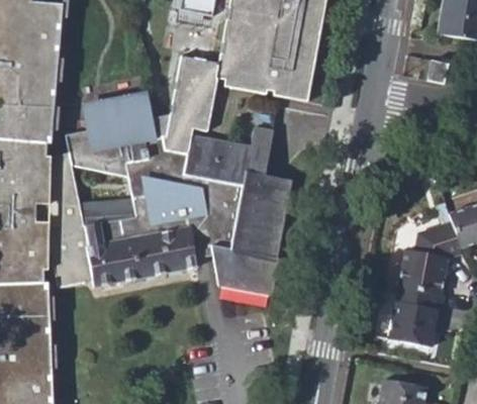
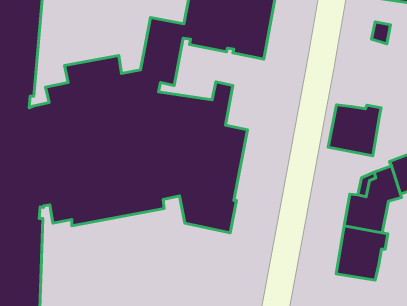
building: none -> [328,105,381,156]

